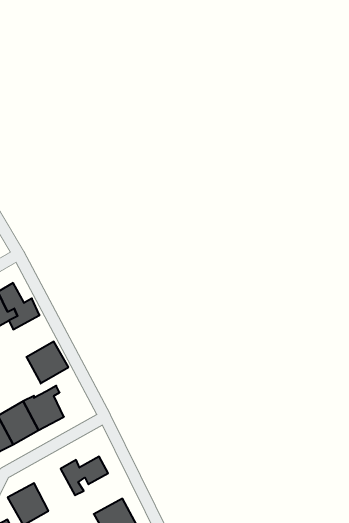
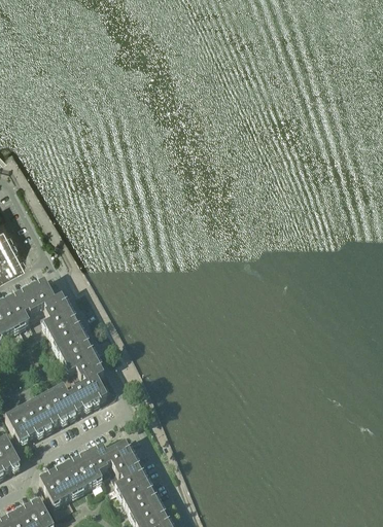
building: none -> [43,310,82,349]
building: none -> [71,358,107,405]
building: none -> [64,453,103,492]
building: none -> [105,457,146,495]

